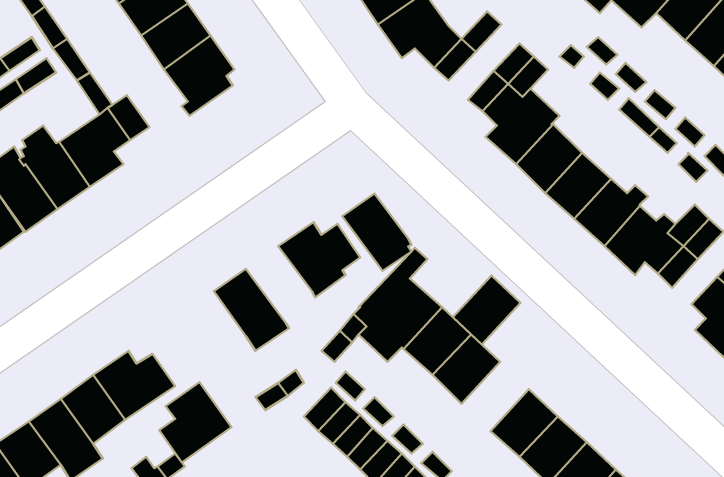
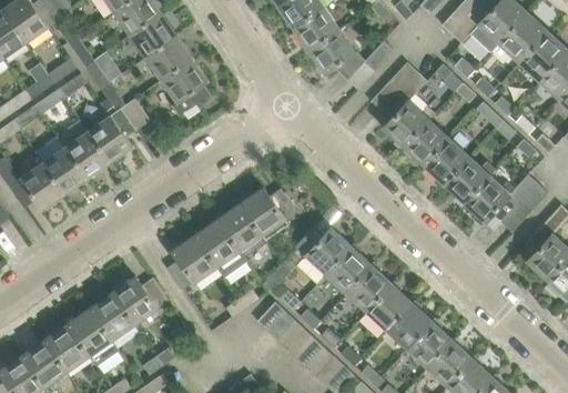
building: [342,194,411,271] -> [217,203,265,256]
building: [453,276,520,345] -> [366,283,413,331]
building: [159,382,232,462] -> [168,234,217,290]

